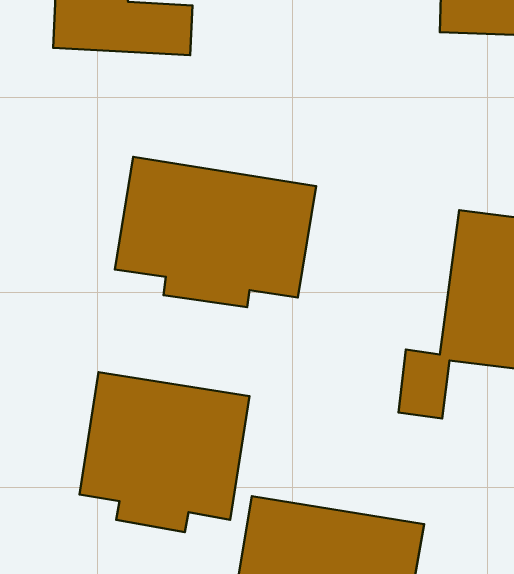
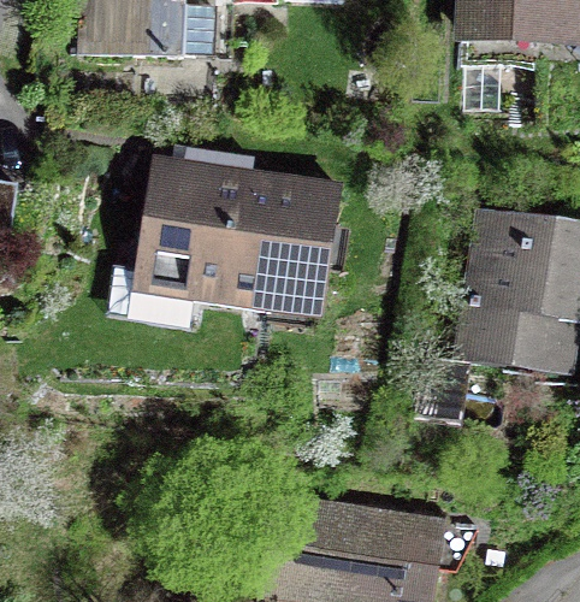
building: [79,372,250,532] -> none

